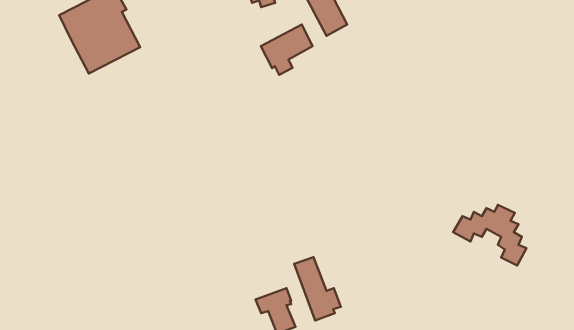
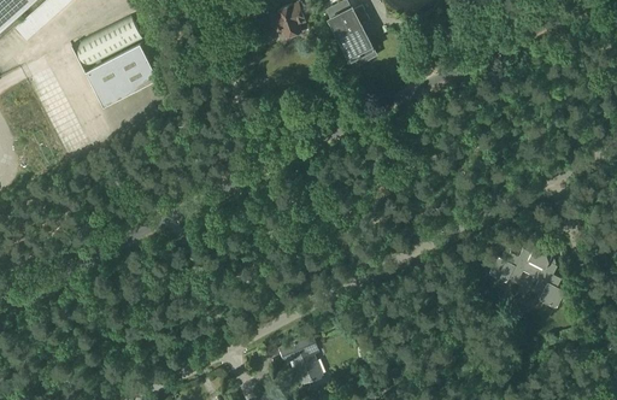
building: [261,25,313,75] -> none
building: [294,257,341,320] -> none

